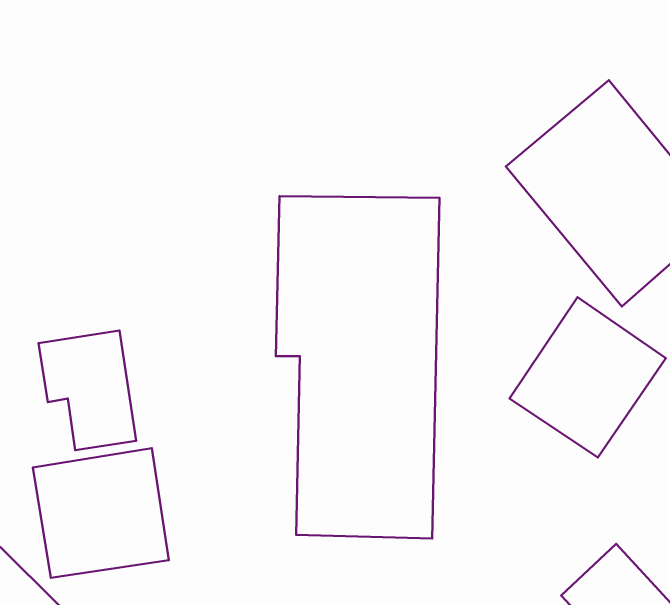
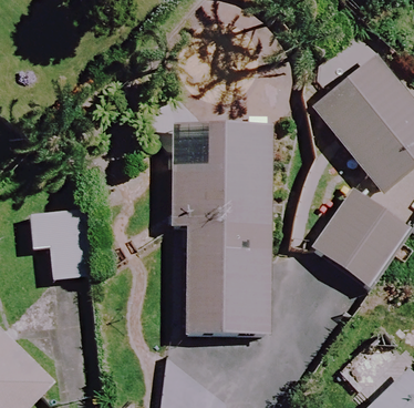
building: [33,448,169,578] -> none

